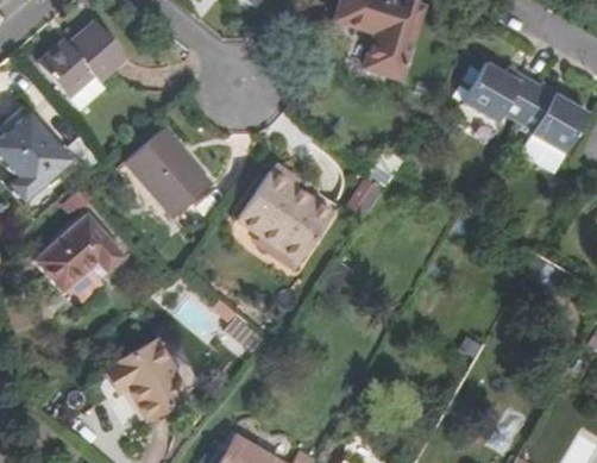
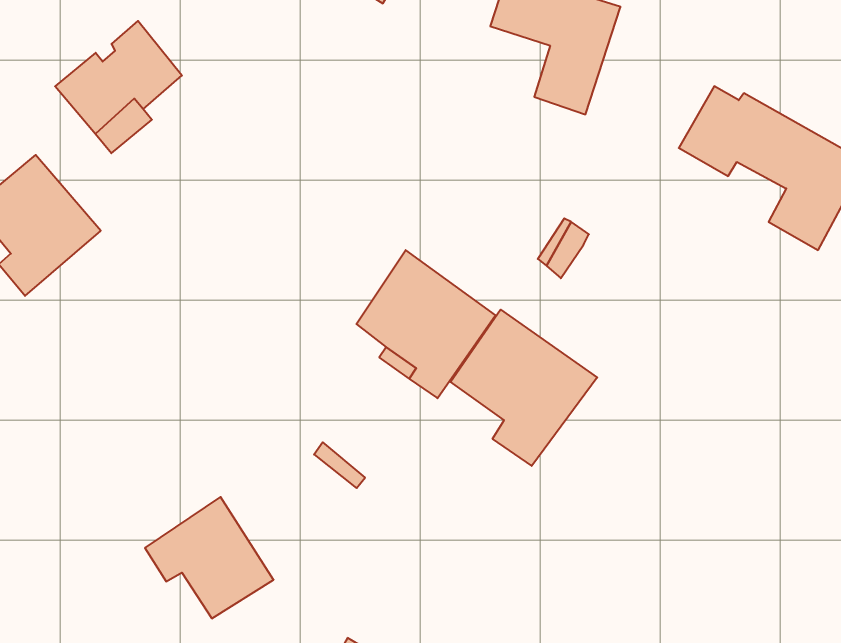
building: [126,130,212,217] -> none
building: none -> [451,310,597,466]
building: [36,215,126,294] -> none

